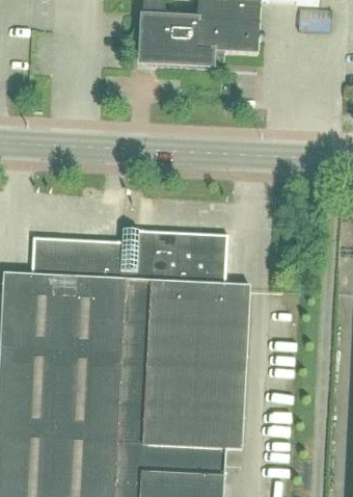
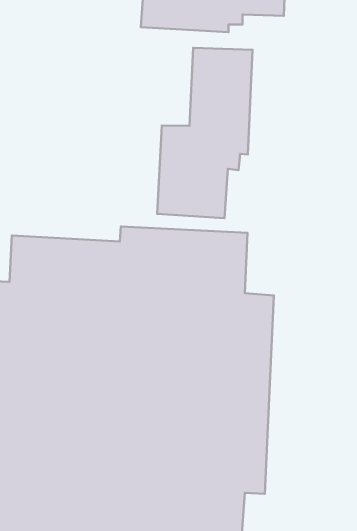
building: none -> [157,48,253,218]

